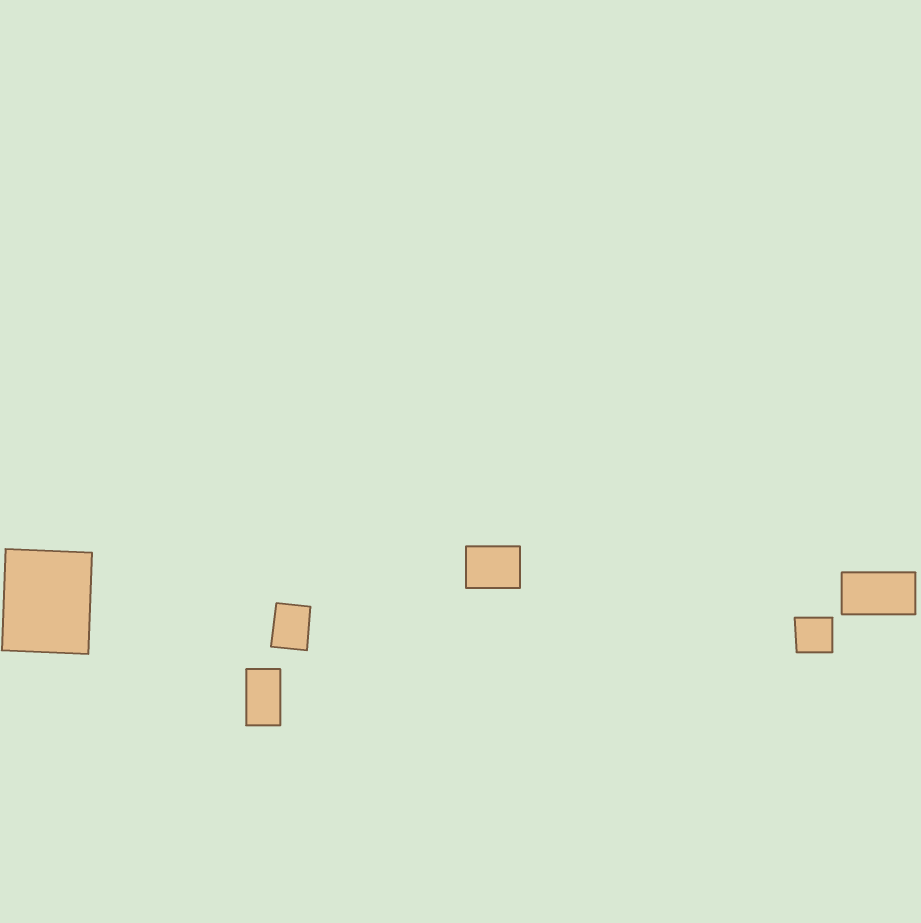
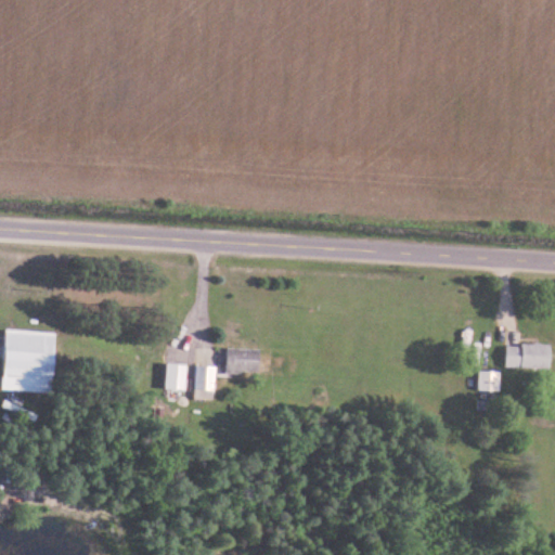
building: [466,546,520,588] -> [225,348,258,373]
building: [246,669,280,725] -> [194,365,215,399]

